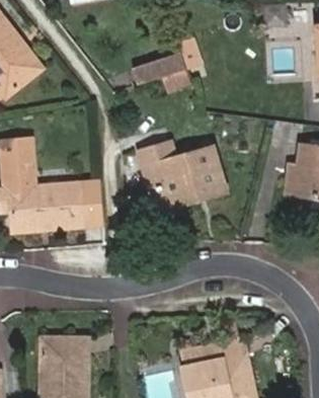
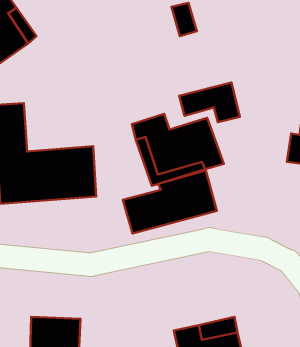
building: [127,53,185,91] -> [179,82,240,122]
building: none -> [123,170,217,233]

